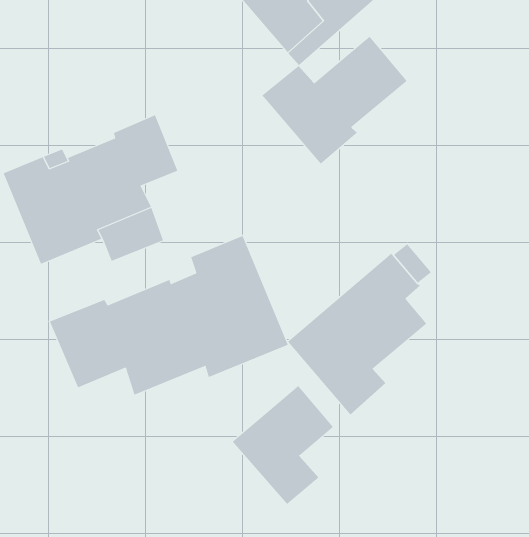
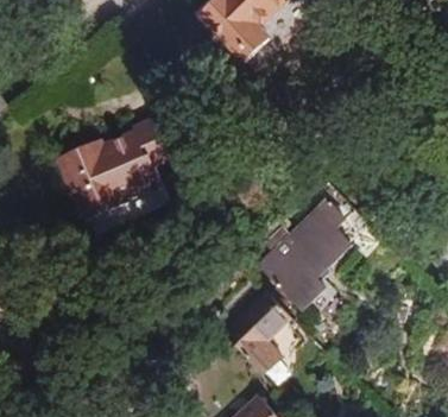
building: [262,36,407,165] -> none
building: [49,235,289,396] -> none

